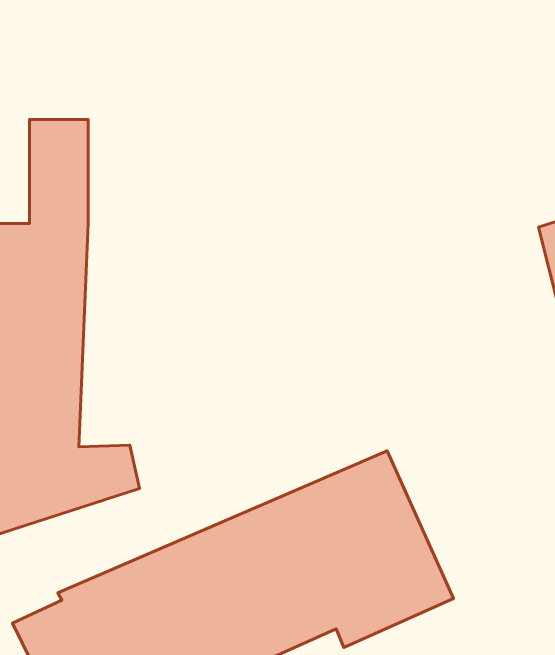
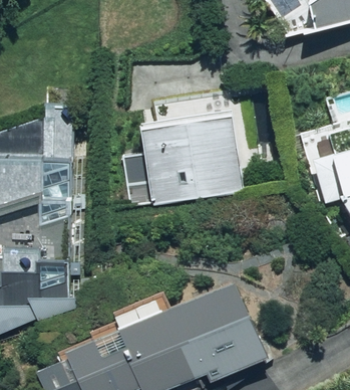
building: none -> [139,114,244,204]

